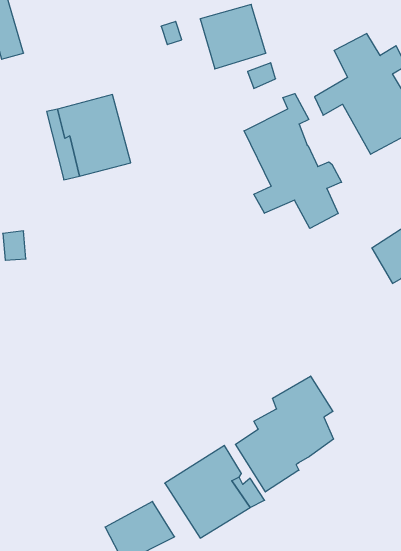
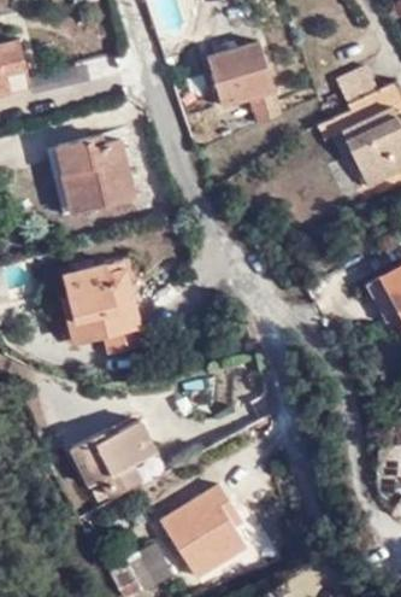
building: [244,94,342,228] -> none
building: none -> [65,253,145,352]
building: [235,376,333,492] -> none
building: none -> [76,427,159,503]

